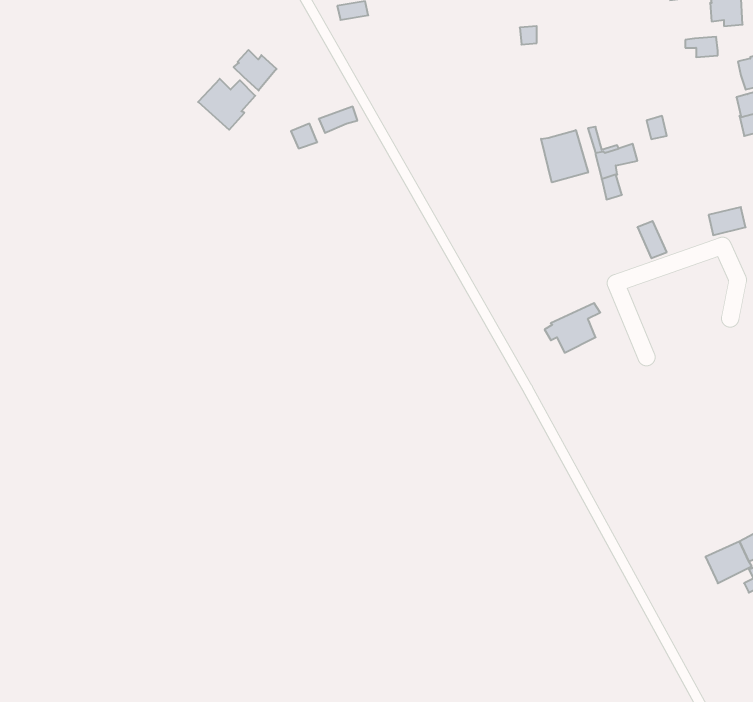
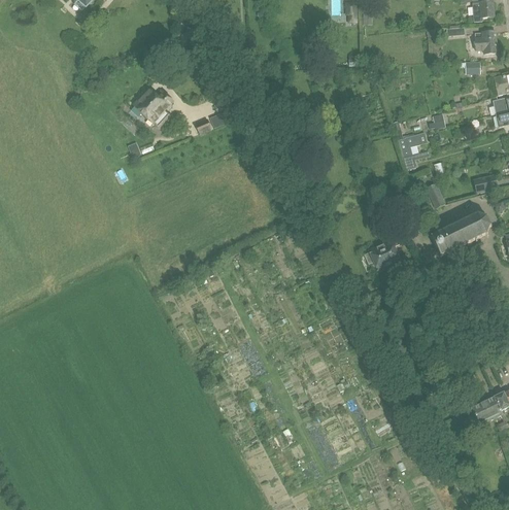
building: [234,50,277,91] -> none
building: [541,130,588,182] -> none
building: none -> [430,210,490,257]

